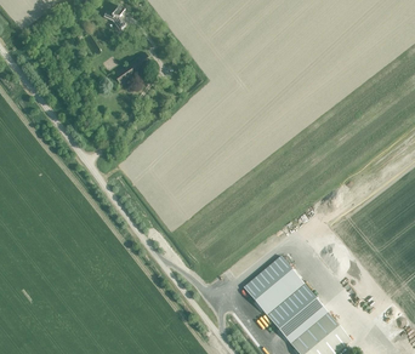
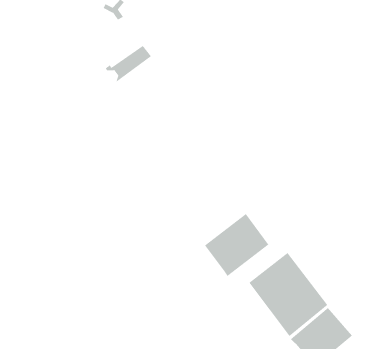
building: none -> [204,213,269,277]

